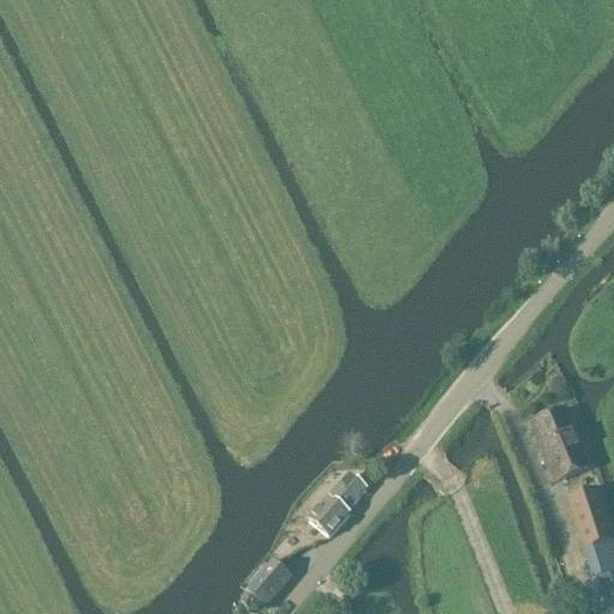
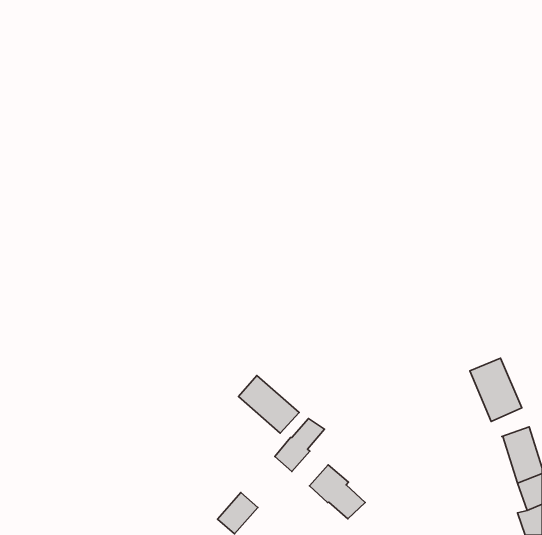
building: none -> [239,376,299,433]
building: none -> [310,465,365,519]

